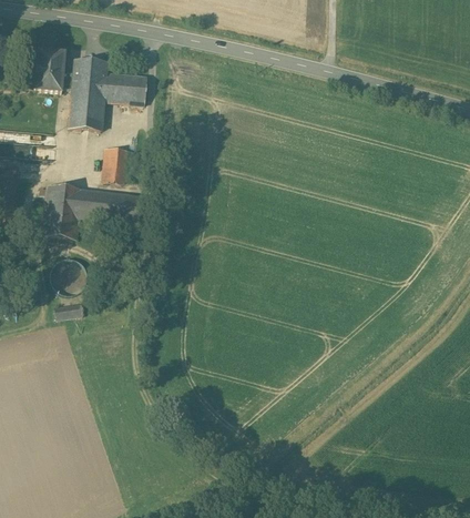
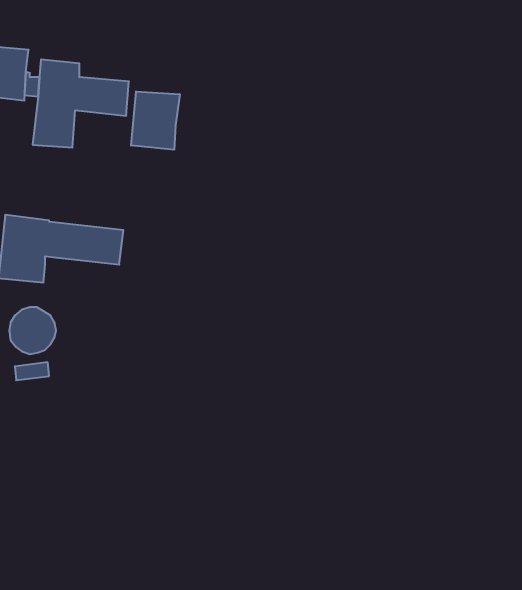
building: none -> [131,91,180,150]
building: [109,146,133,176] -> none

